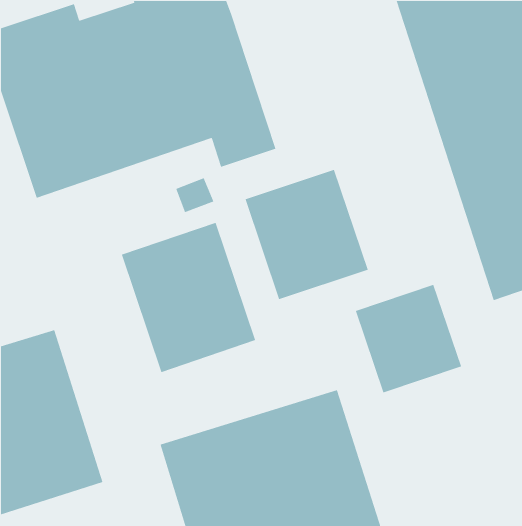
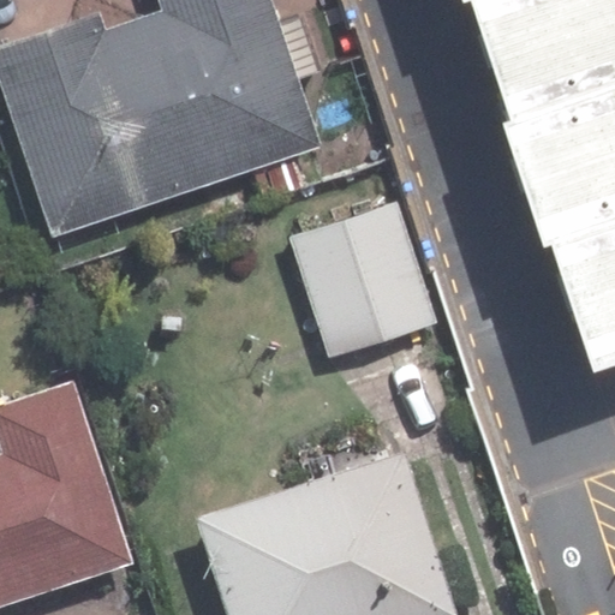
building: [121,222,256,373] -> none
building: [355,284,462,393] -> none

